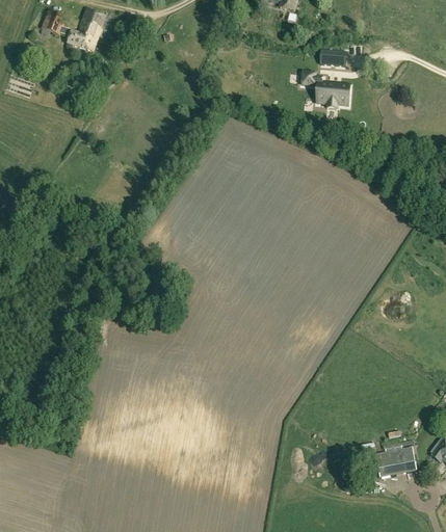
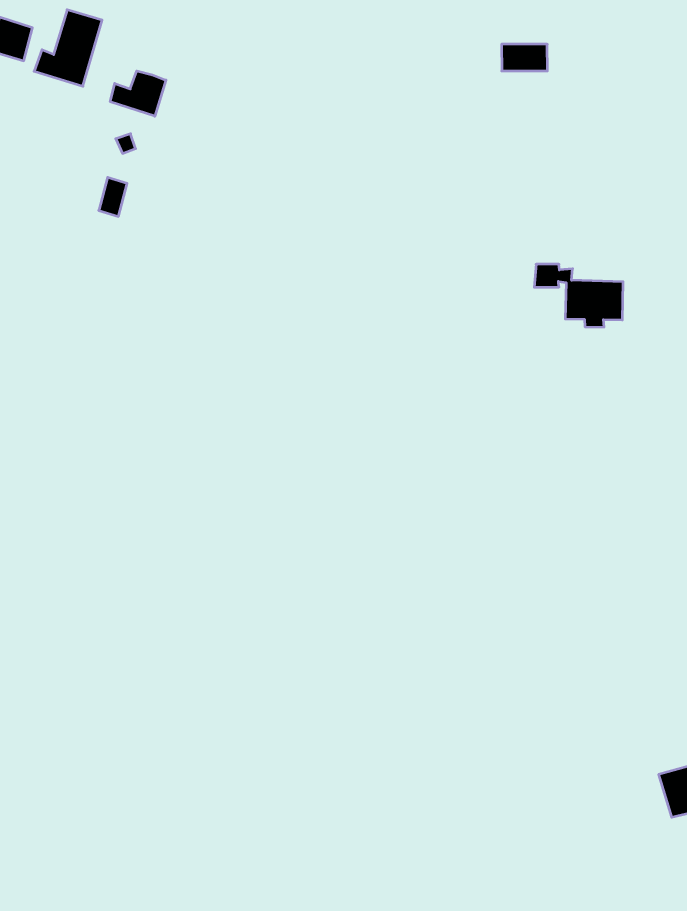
building: none -> [110,71,166,116]
building: [300,72,349,109] -> [534,264,623,327]

